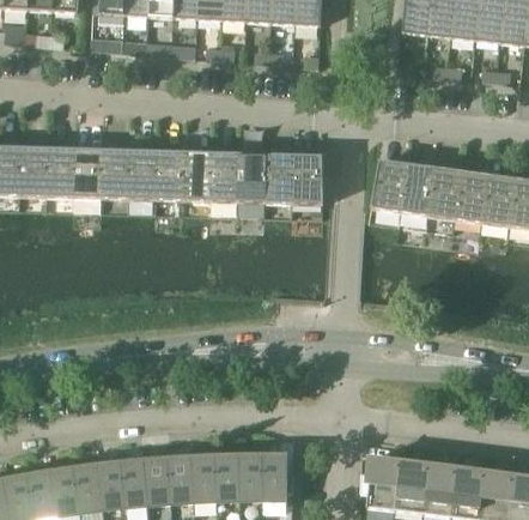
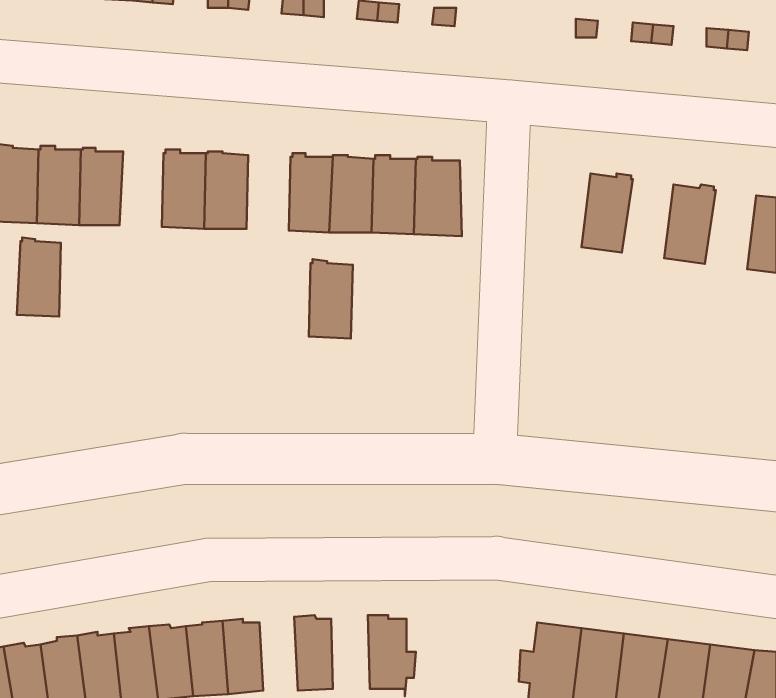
building: [101,147,129,199] -> [17,237,61,317]
building: [183,150,212,201] -> [309,259,353,338]
building: [370,161,407,212] -> none
building: [427,168,461,219] -> none
building: [481,175,515,226] -> none
building: [238,452,263,500] -> none
building: [191,453,217,501] -> none

